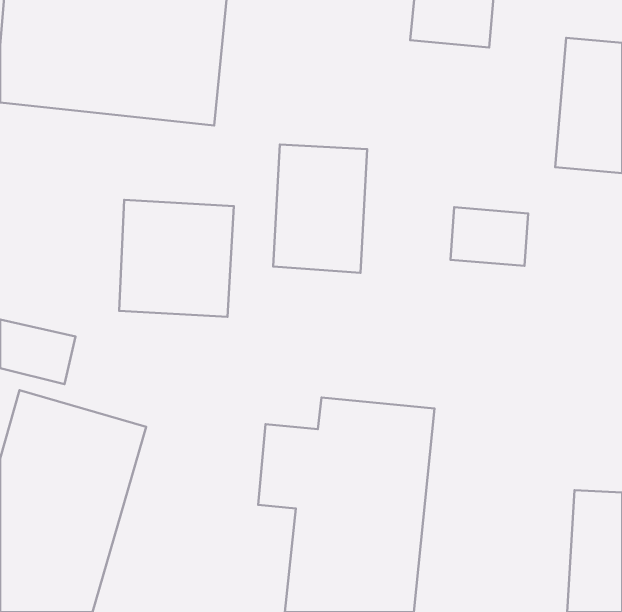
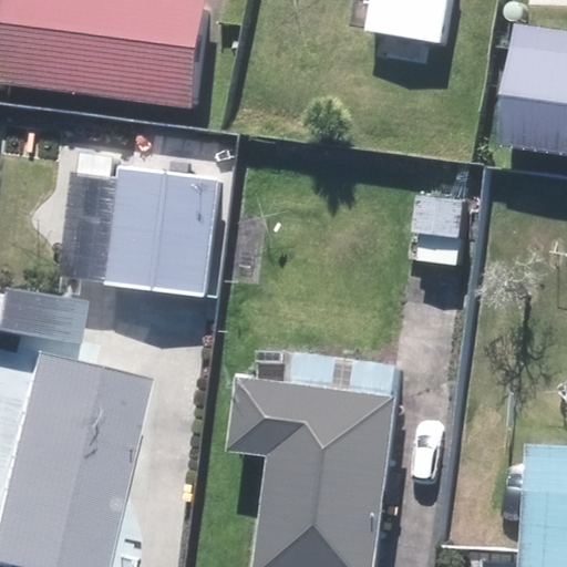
building: [273,144,367,273] -> none

